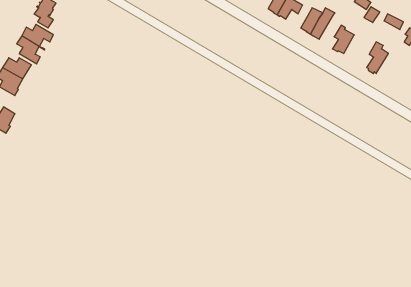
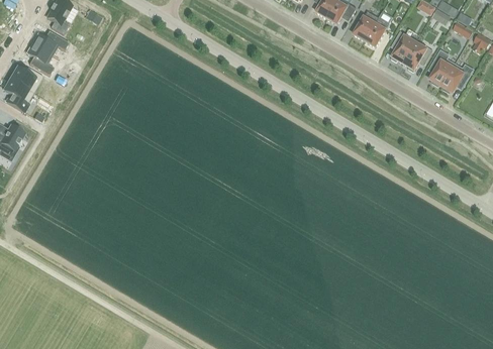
building: none -> [403,41,433,71]
building: none -> [440,63,473,92]

